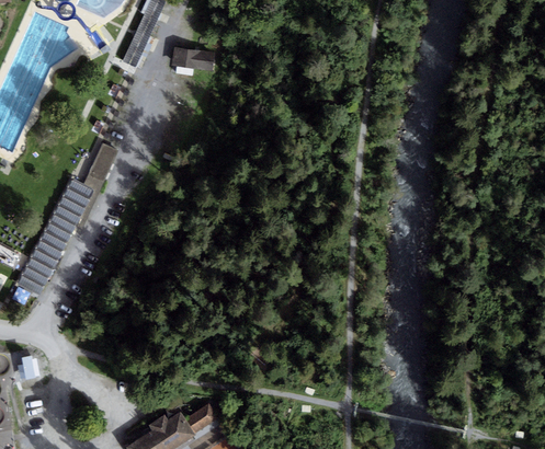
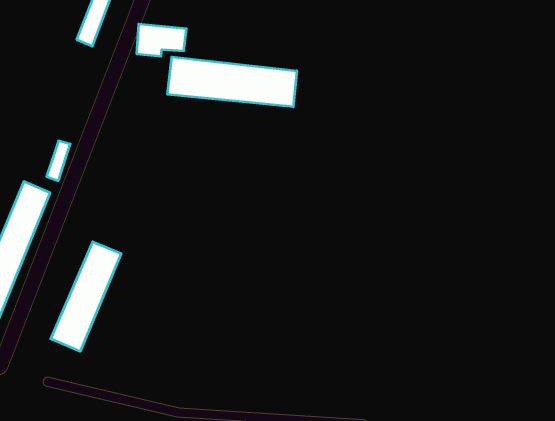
building: none -> [168,57,297,107]
building: none -> [51,242,121,351]

